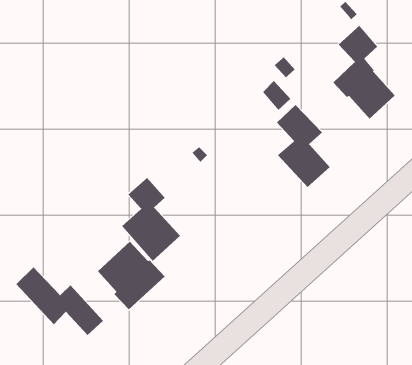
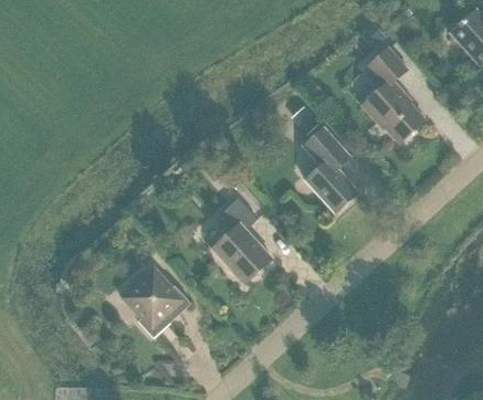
building: [121,177,181,262] -> [211,197,272,283]
building: [15,266,104,336] -> none

